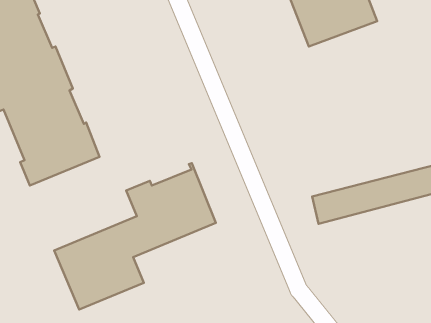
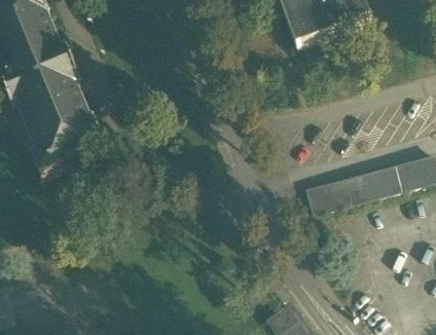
building: [54,163,216,309] -> none

